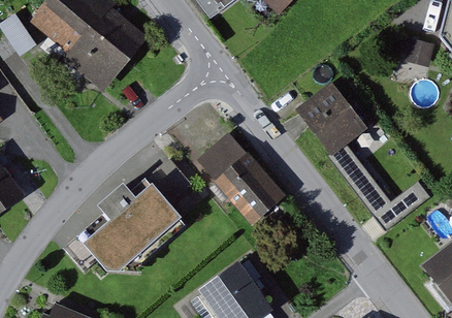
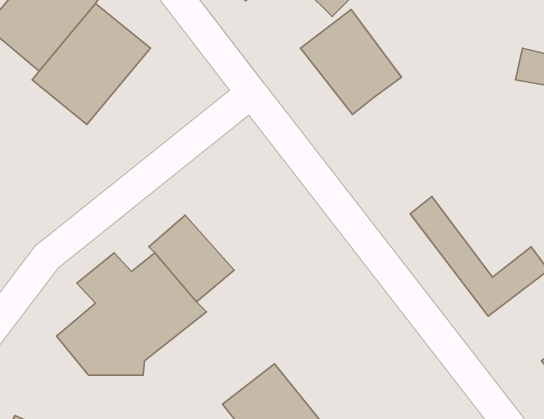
building: [295,81,367,156] -> [301,9,402,115]
building: [199,135,283,220] -> none

